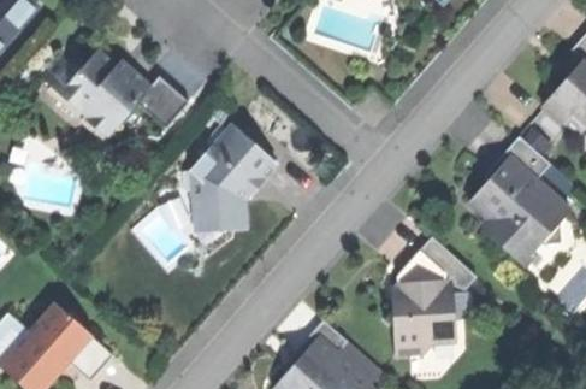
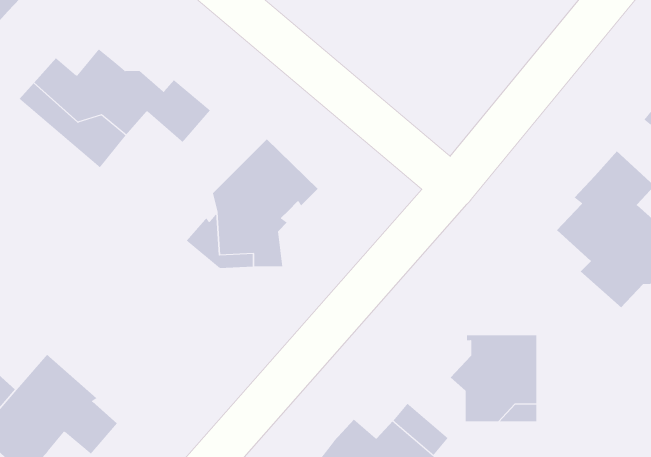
building: [397,251,449,283] -> none

